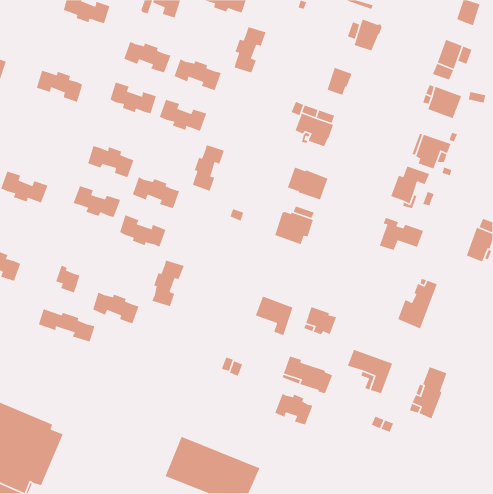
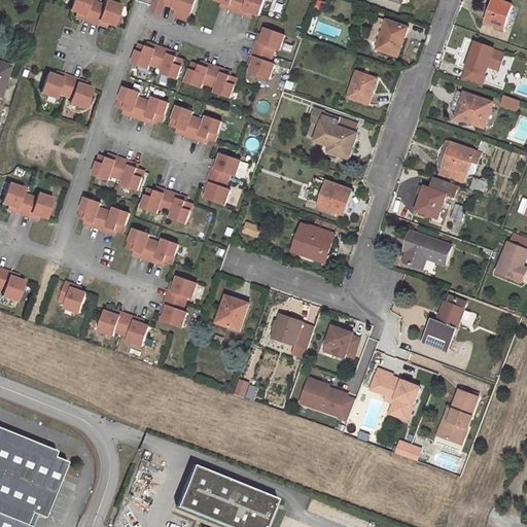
building: none -> [215,298,247,329]
building: [38,308,95,342] -> none
building: [274,393,313,426] -> none

